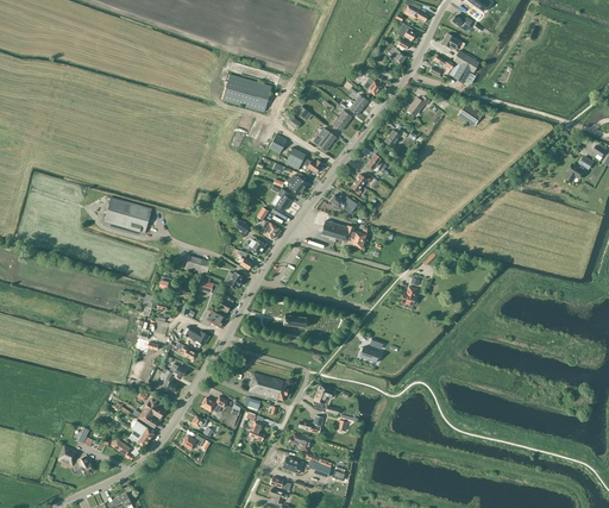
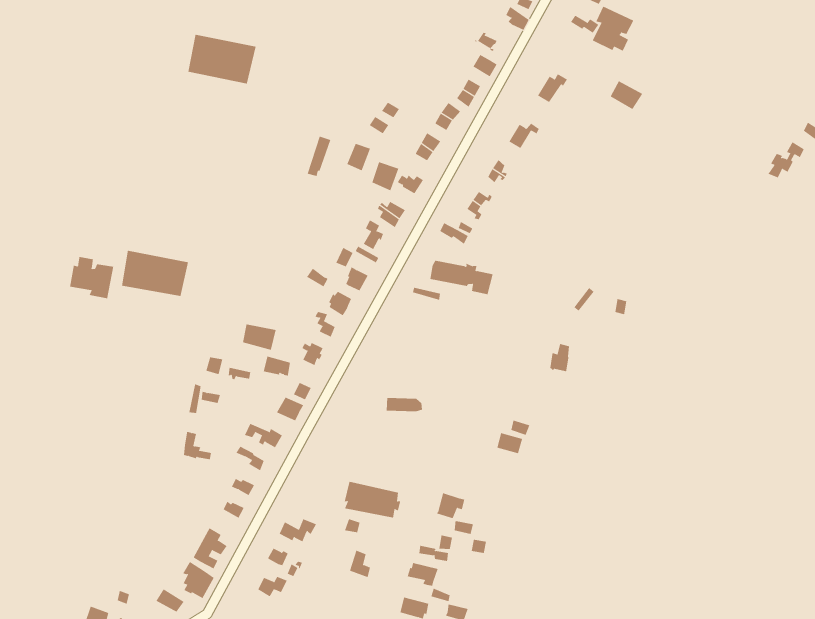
building: [222,74,272,112] -> [188,34,256,84]
building: none -> [70,256,114,299]

